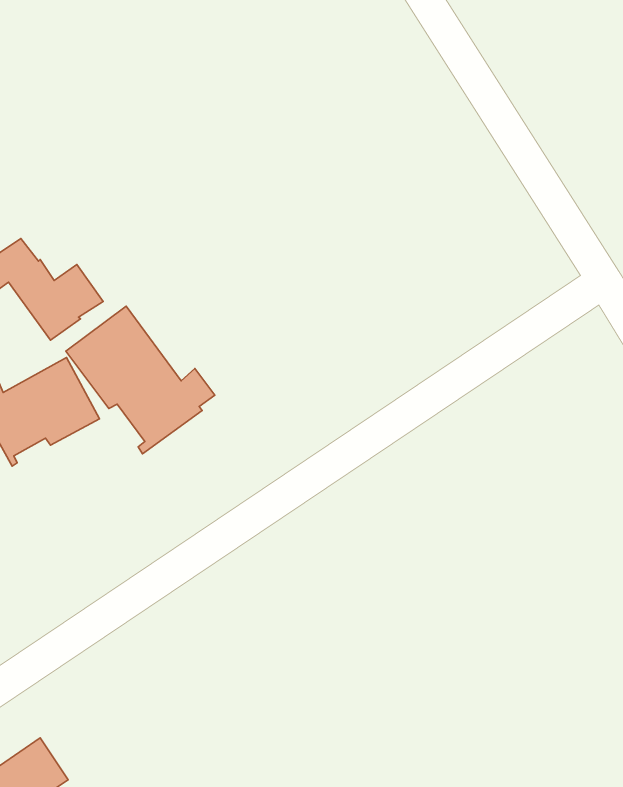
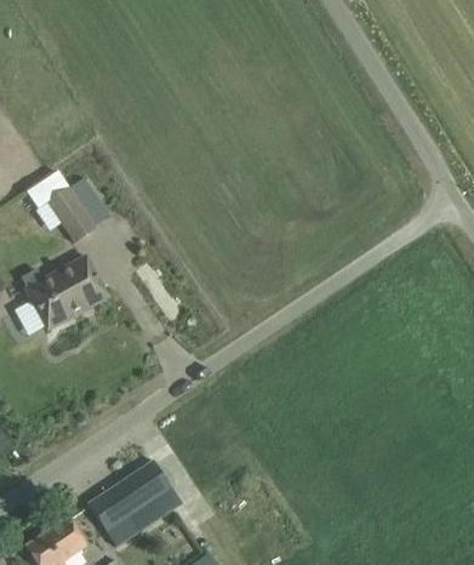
building: [66,306,215,454] -> none
building: none -> [88,461,172,535]

